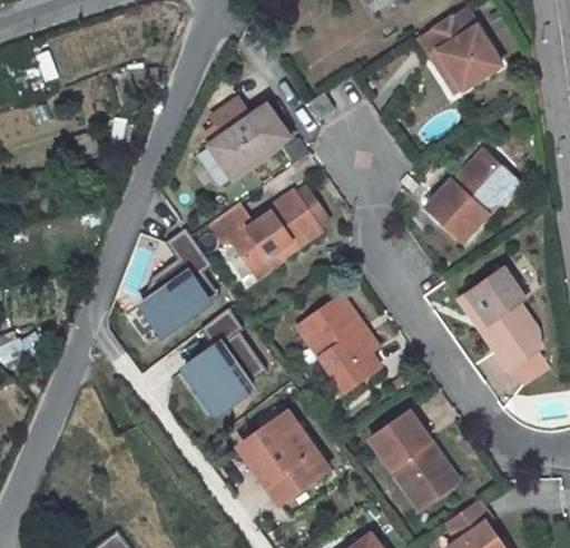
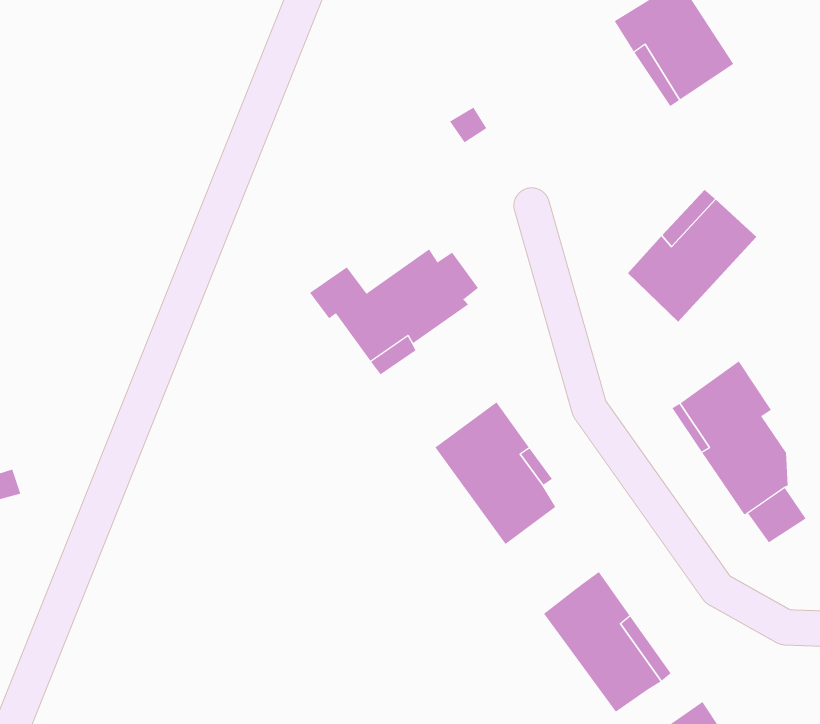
building: [206,100,284,179] -> none
building: [136,228,214,335] -> none
building: [181,306,265,407] -> none
building: [243,417,325,496] -> none

